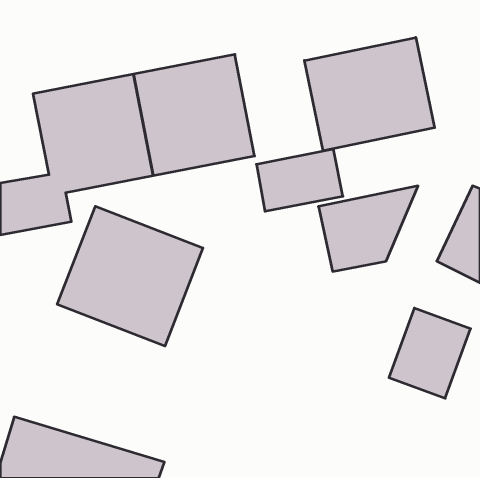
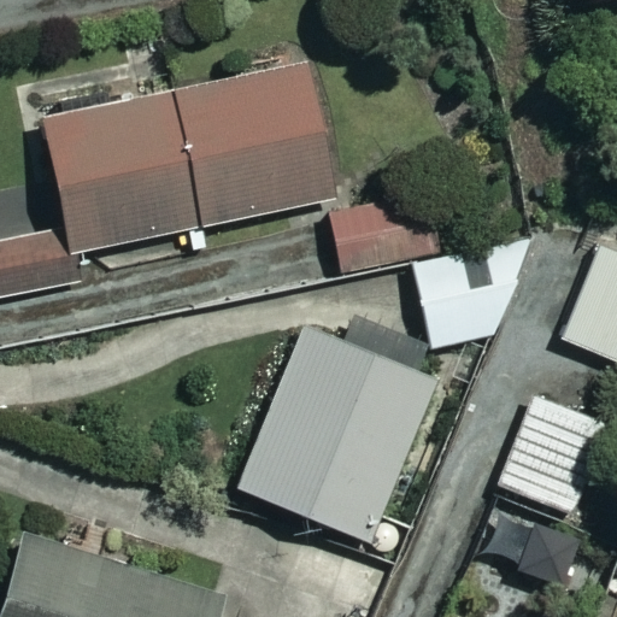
building: [304,37,435,151] -> none
building: [57,206,203,346] -> none
building: none -> [240,330,441,543]

